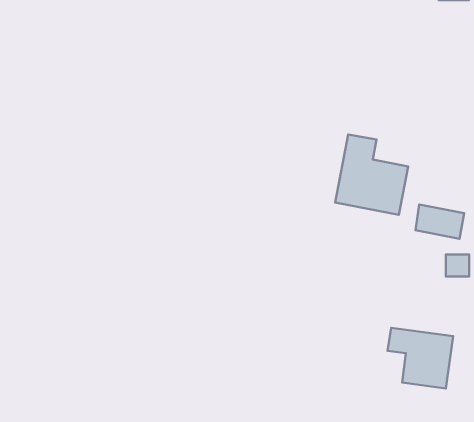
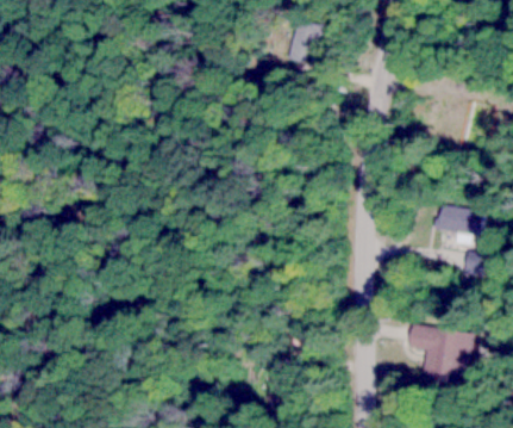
building: none -> [284,19,319,63]
building: [335,135,408,215] -> none

